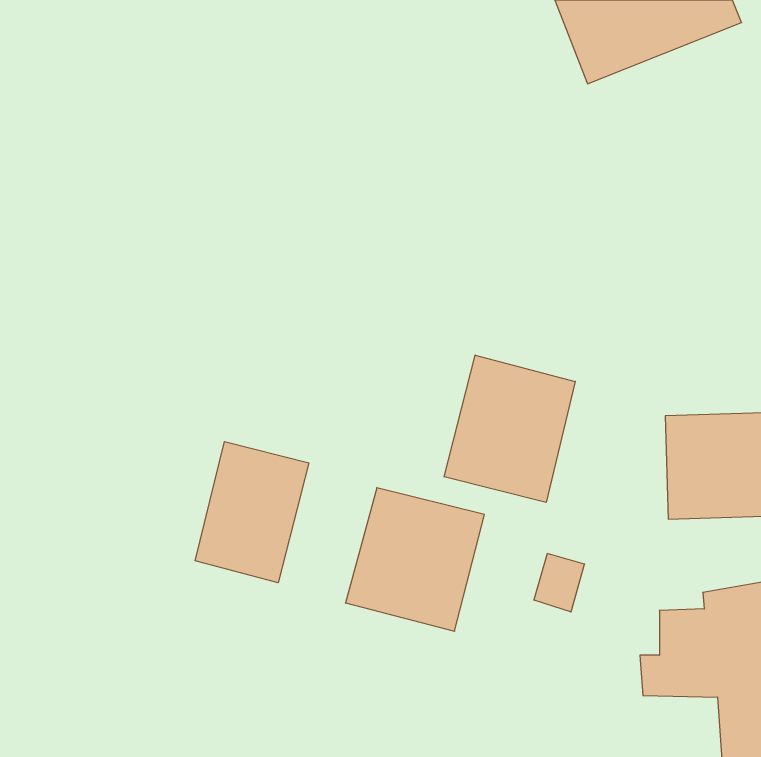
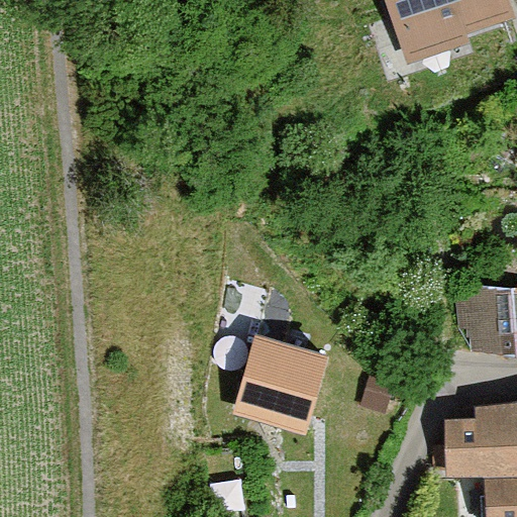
building: [444,355,575,502] -> none
building: [195,442,309,583] -> none

